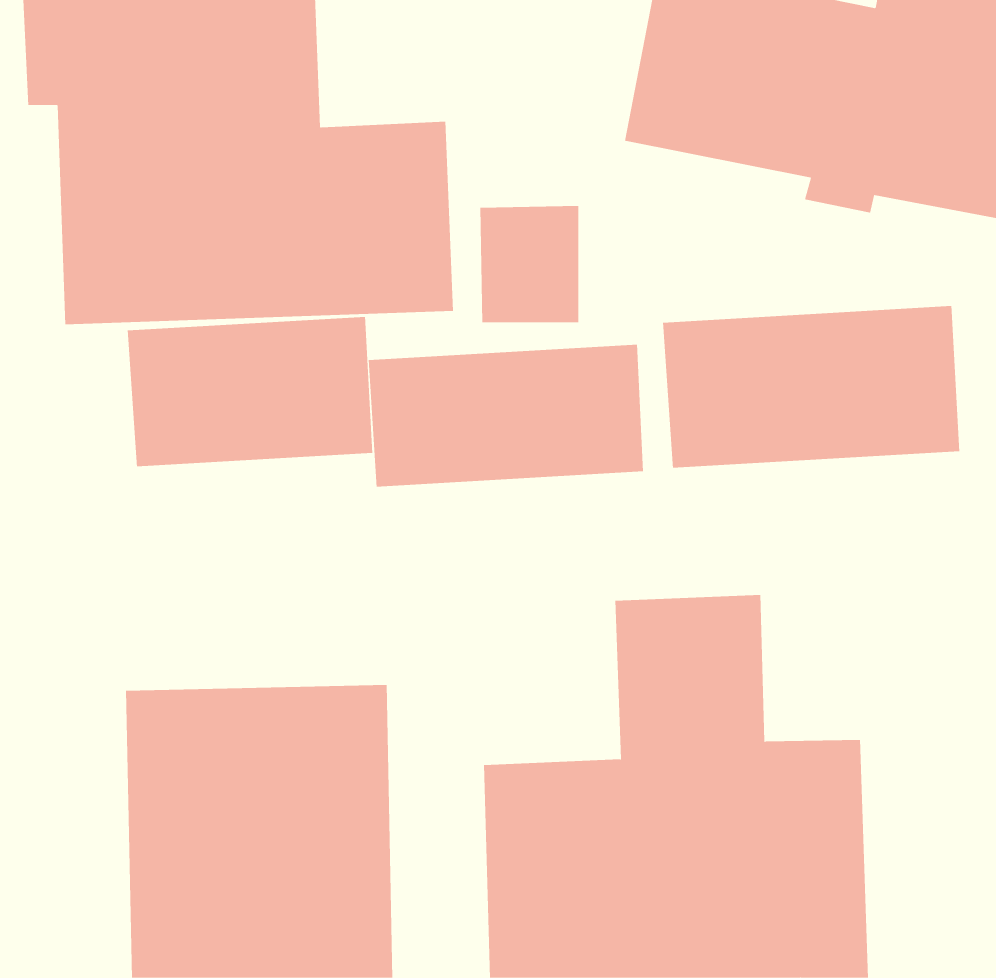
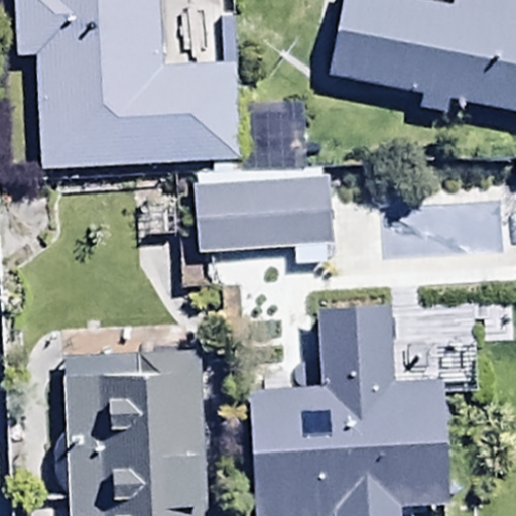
building: [663,305,960,468] -> none
building: [127,316,373,467] -> none

